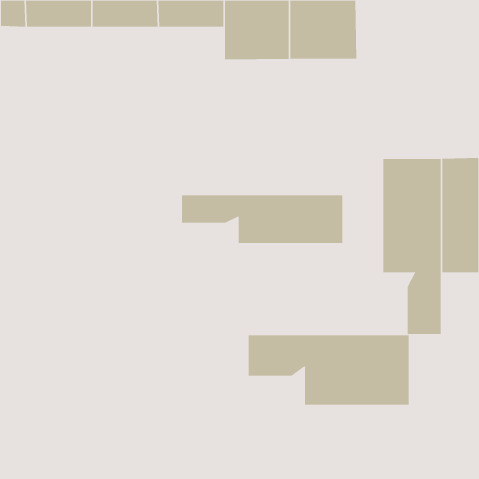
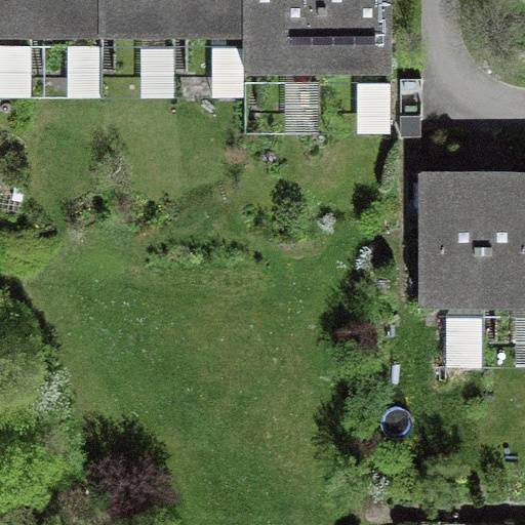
building: [182,195,343,244] -> none
building: [248,335,409,406] -> none

